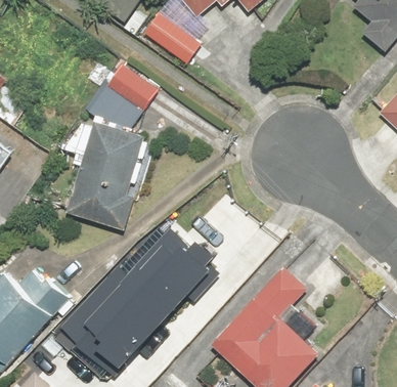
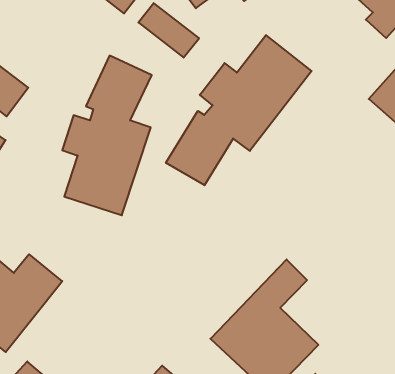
building: none -> [166,35,312,185]
building: [61,224,218,368] -> none

